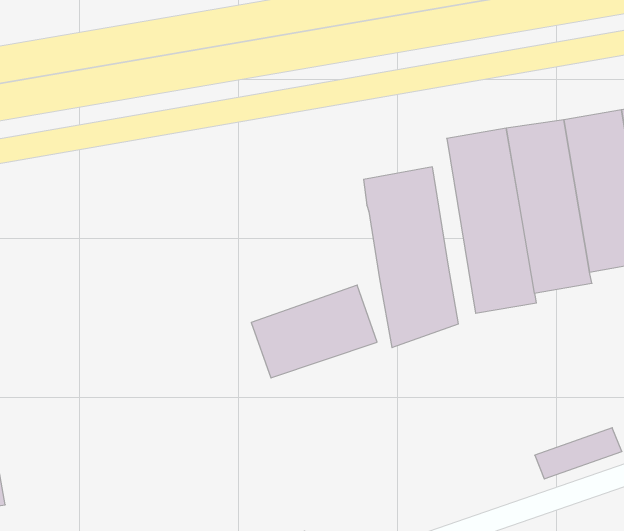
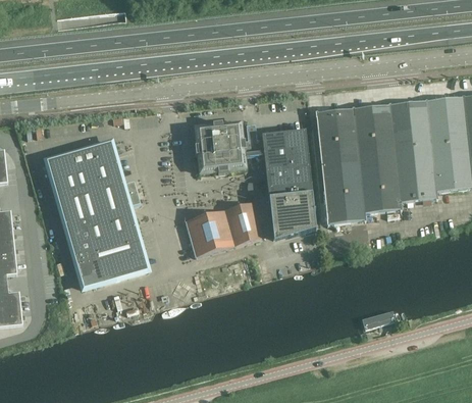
building: none -> [195,121,264,173]
building: none -> [46,141,152,292]

